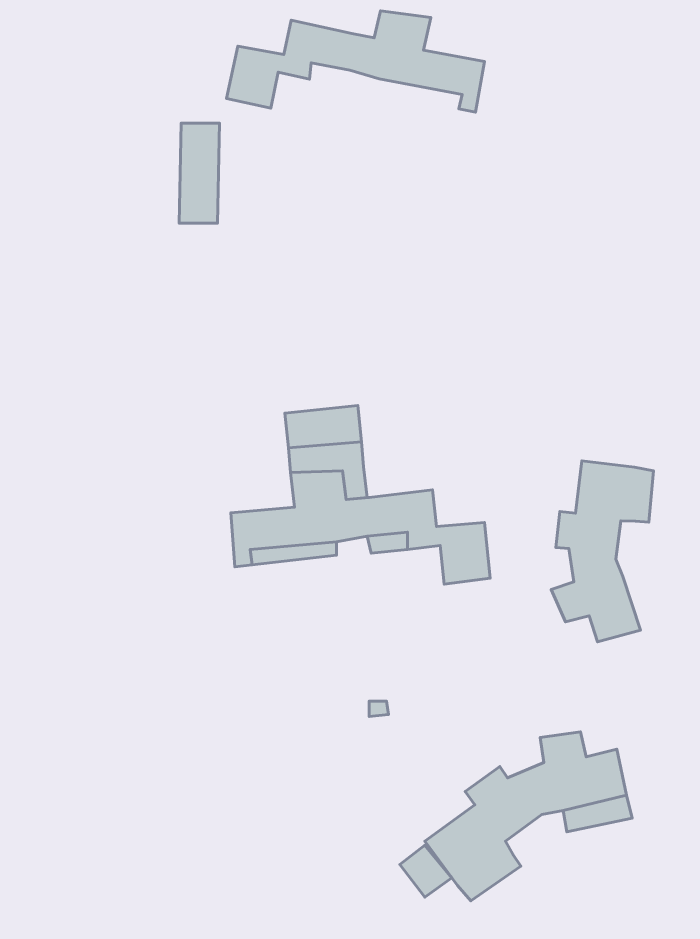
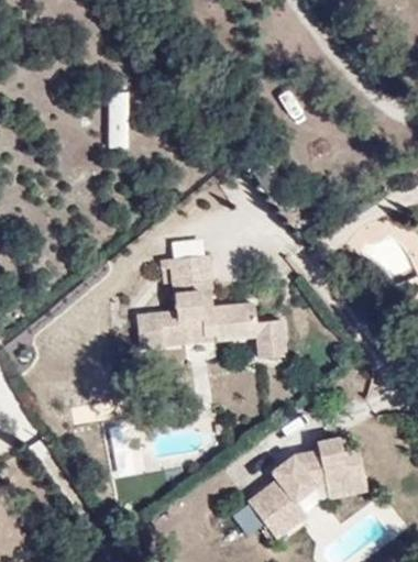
building: [227,11,484,112] -> none
building: [551,461,654,642] -> none

